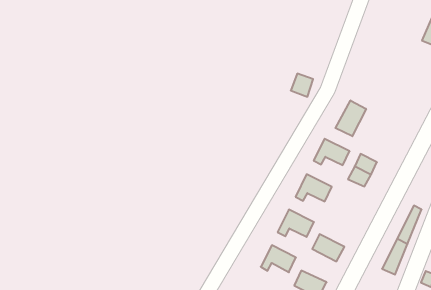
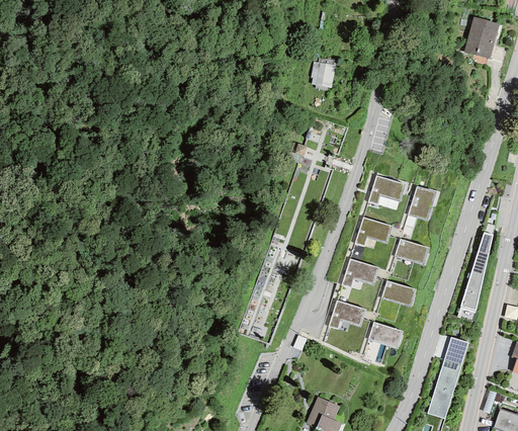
building: [291,74,313,97] -> [312,65,334,88]
building: [335,100,366,136] -> none
building: none -> [394,239,428,265]

